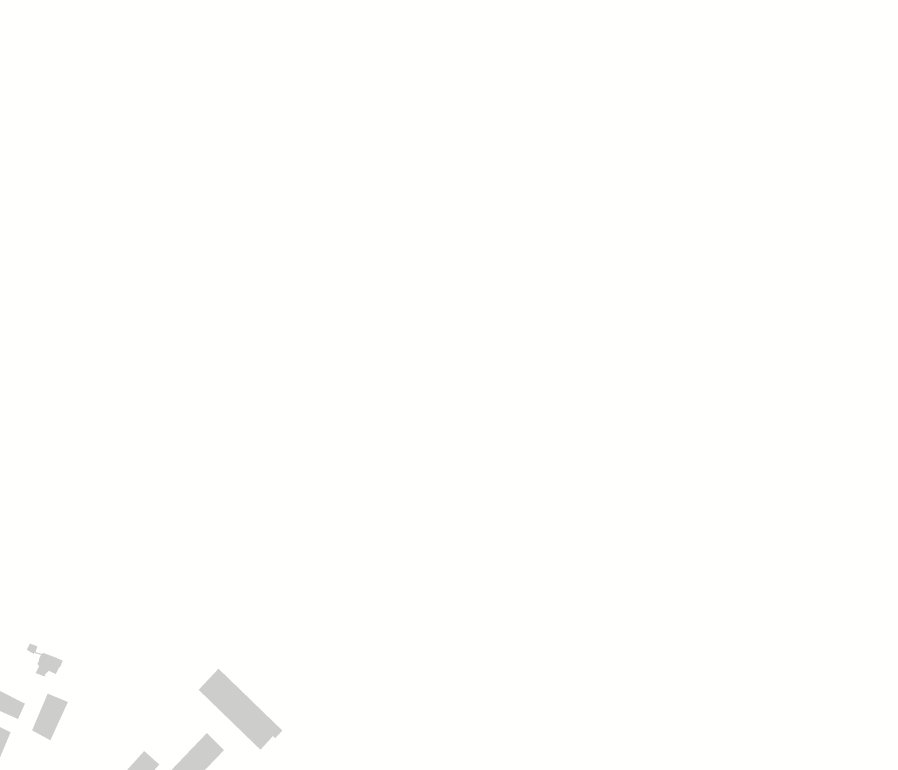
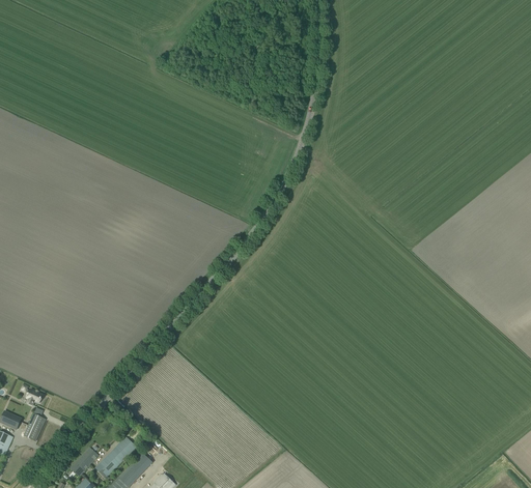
building: [198,668,283,750] -> none

